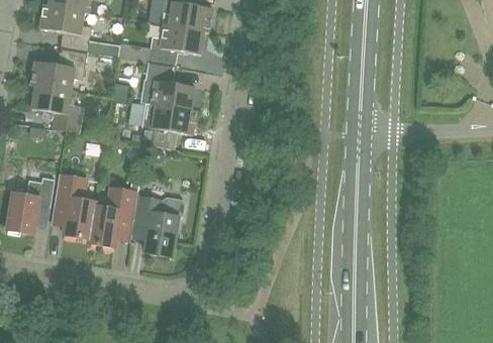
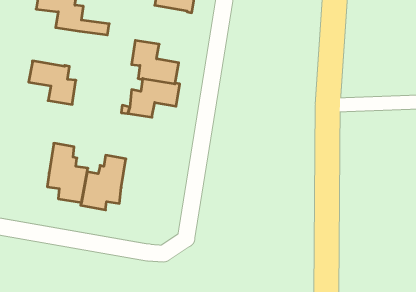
building: [147,23,204,67] -> none
building: [30,48,87,91] -> none
building: [7,177,55,234] -> none
building: [136,196,184,256] -> none

